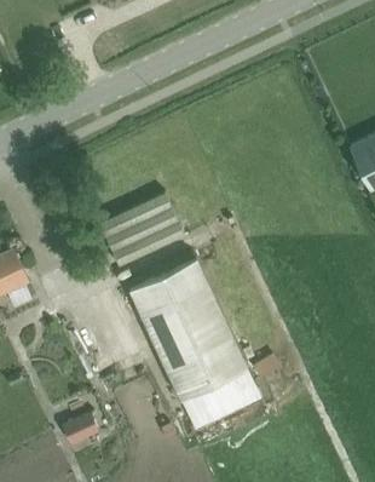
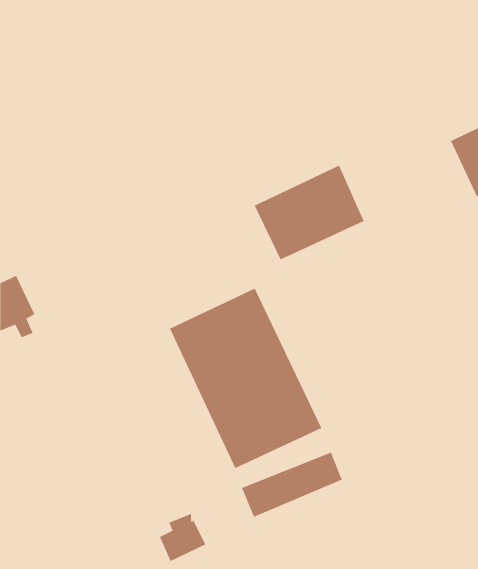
building: [100,194,186,268] -> [254,165,364,260]
building: [64,409,100,447] -> [159,513,206,562]

